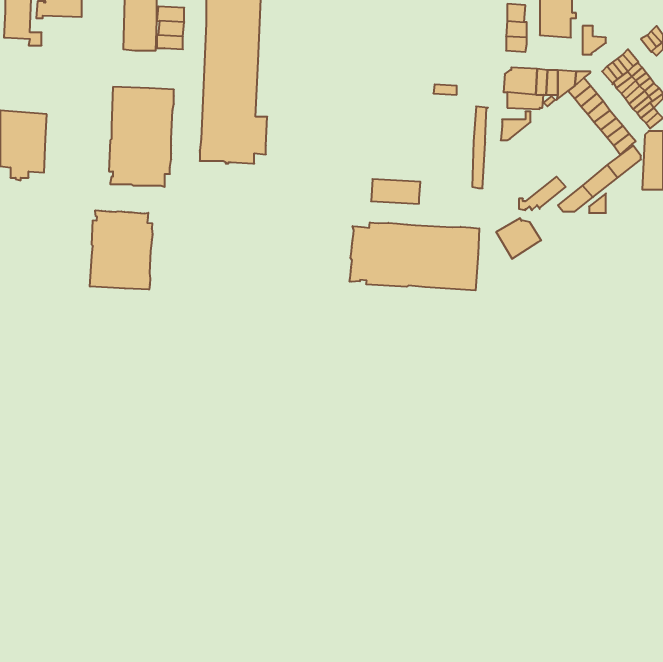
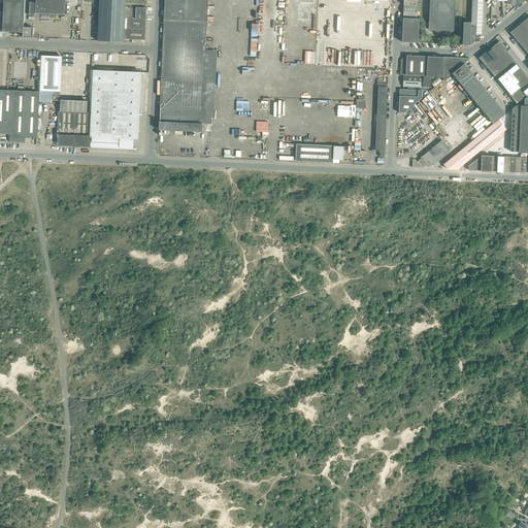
building: none -> [37,55,60,91]
building: none -> [56,109,88,146]
building: [90,210,152,290] -> none
building: [496,218,541,259] -> none
building: [350,222,479,290] -> none

